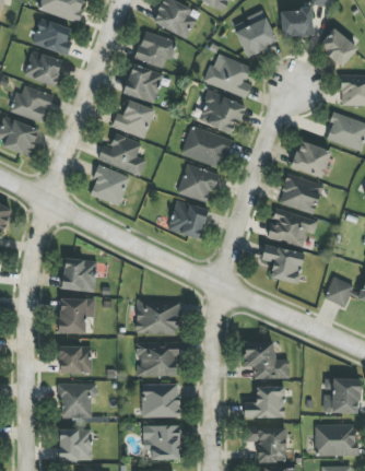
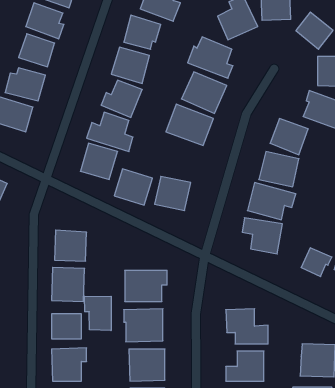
building: [177,164,217,202] -> [114,169,152,205]
building: none -> [85,296,111,331]

